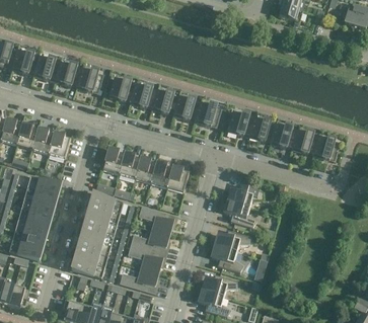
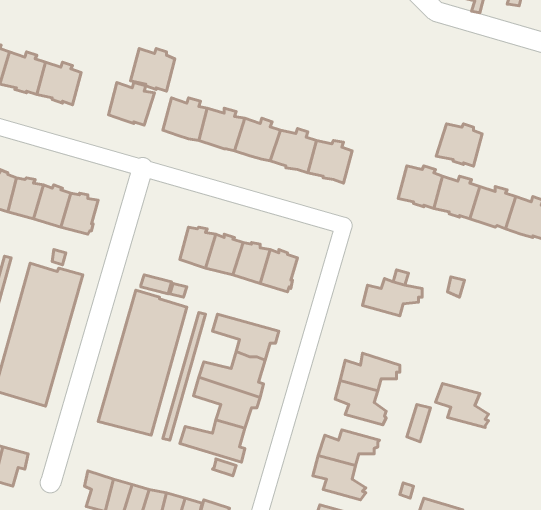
building: [55,62,81,87] -> [131,49,175,91]
building: [226,111,253,137] -> [436,124,482,166]
building: [102,149,124,173] -> none
building: [223,200,254,227] -> [436,383,488,428]

